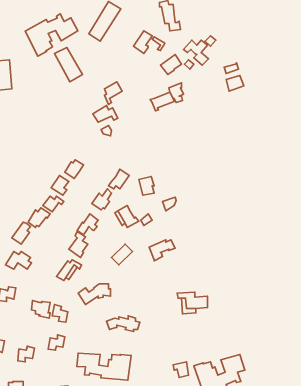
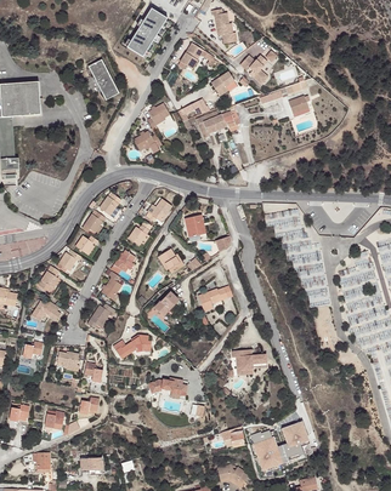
building: [25,14,78,56] -> none
building: [77,353,131,380] -> none

